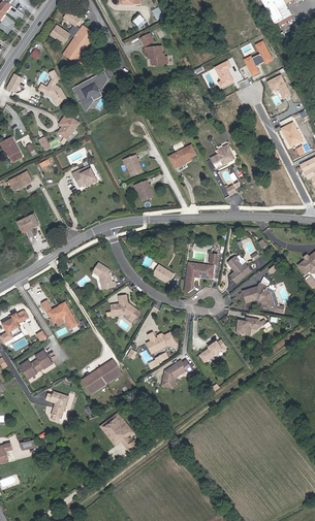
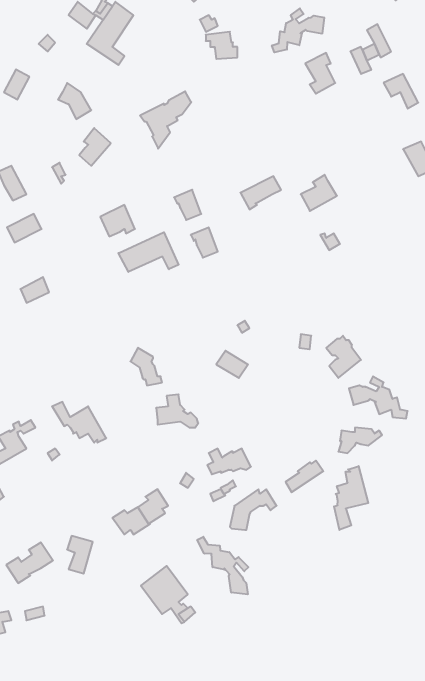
building: none -> [272,8,324,52]
building: [72,71,107,110] -> [140,91,191,149]
building: none -> [118,232,179,272]
building: [184,262,213,291] -> none
building: none -> [334,466,368,530]
building: [20,350,52,378] -> [6,542,53,583]
building: none -> [197,537,248,594]

